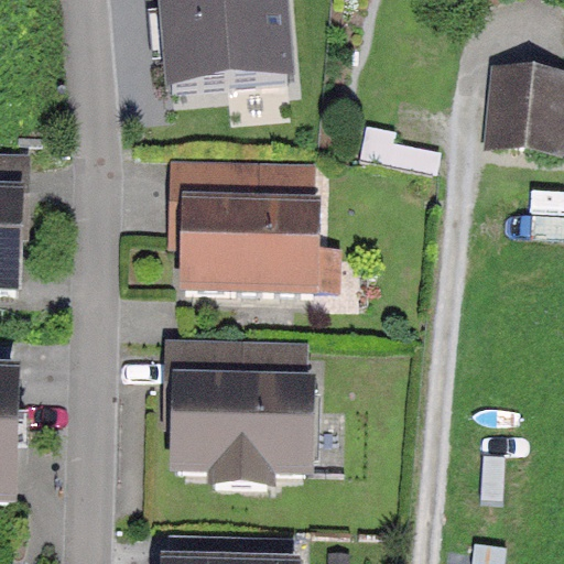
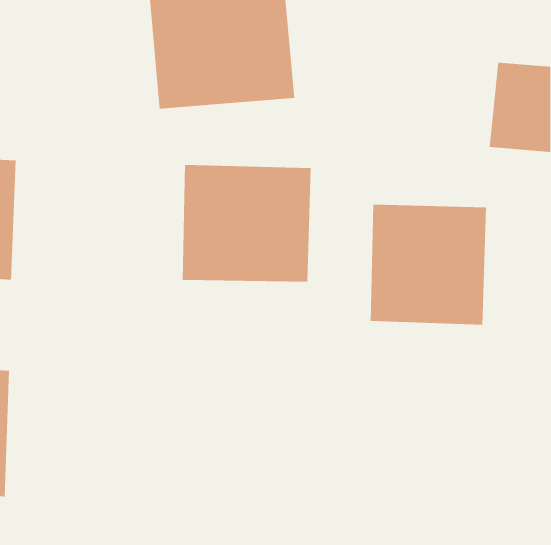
building: none -> [370,204,487,325]
building: [173,348,304,466] -> none

